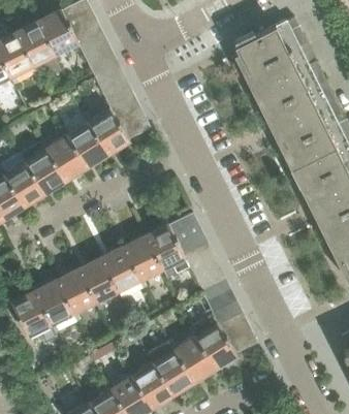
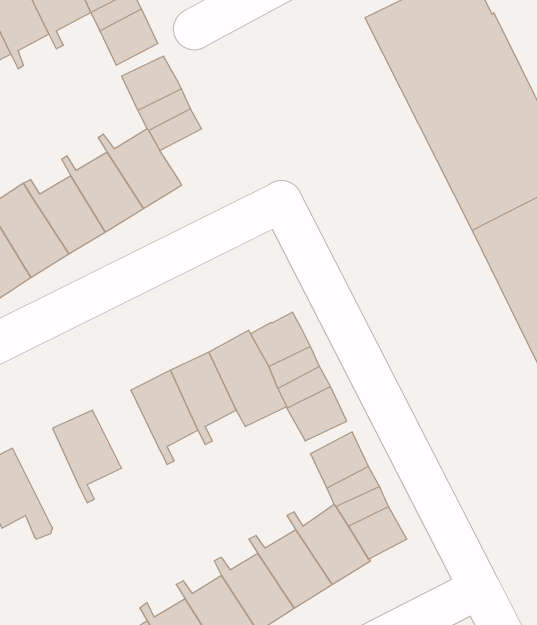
building: [116,109,149,139] -> none
building: [77,258,116,311] -> none
building: [32,280,70,337] -> none

